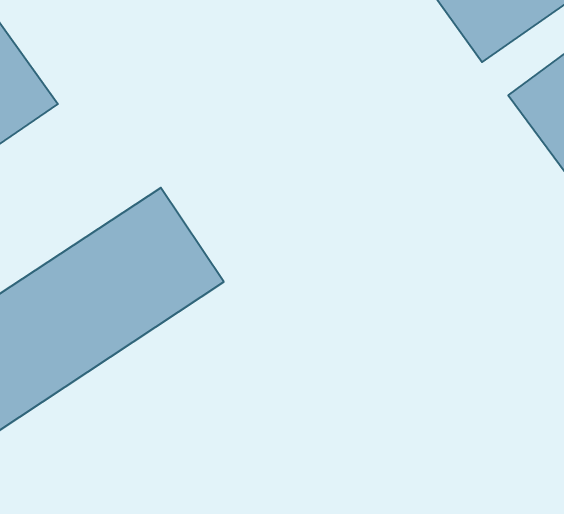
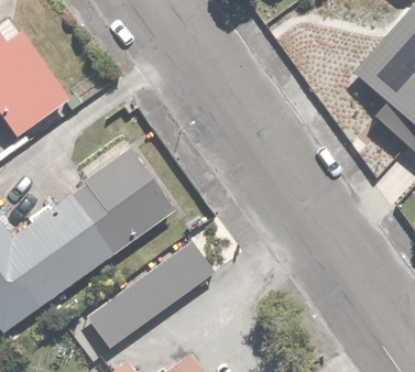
building: none -> [75,245,207,354]

